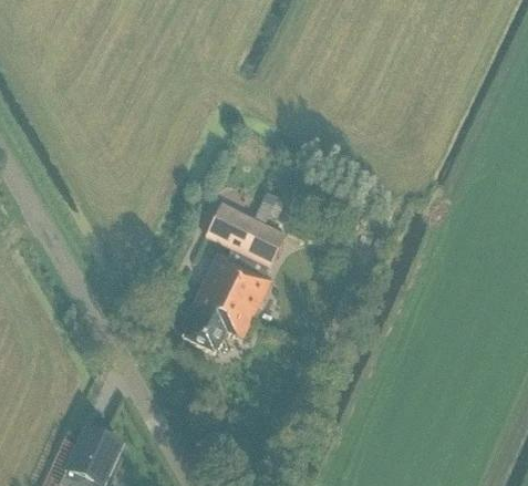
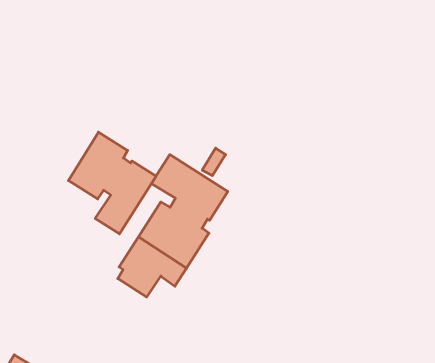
building: none -> [68,132,156,234]

